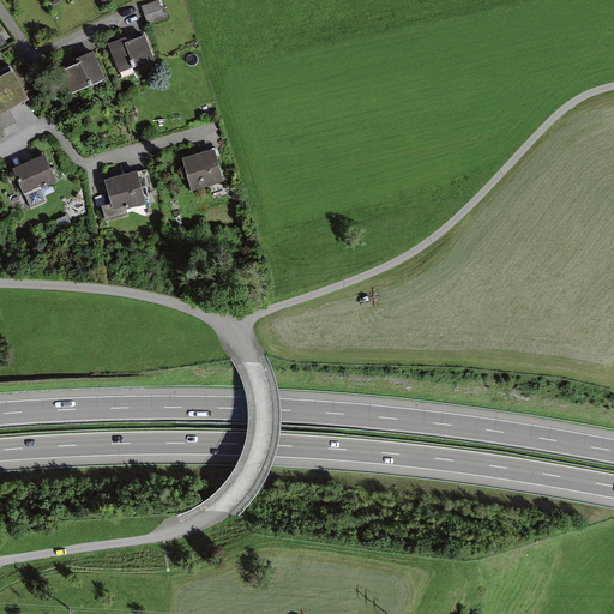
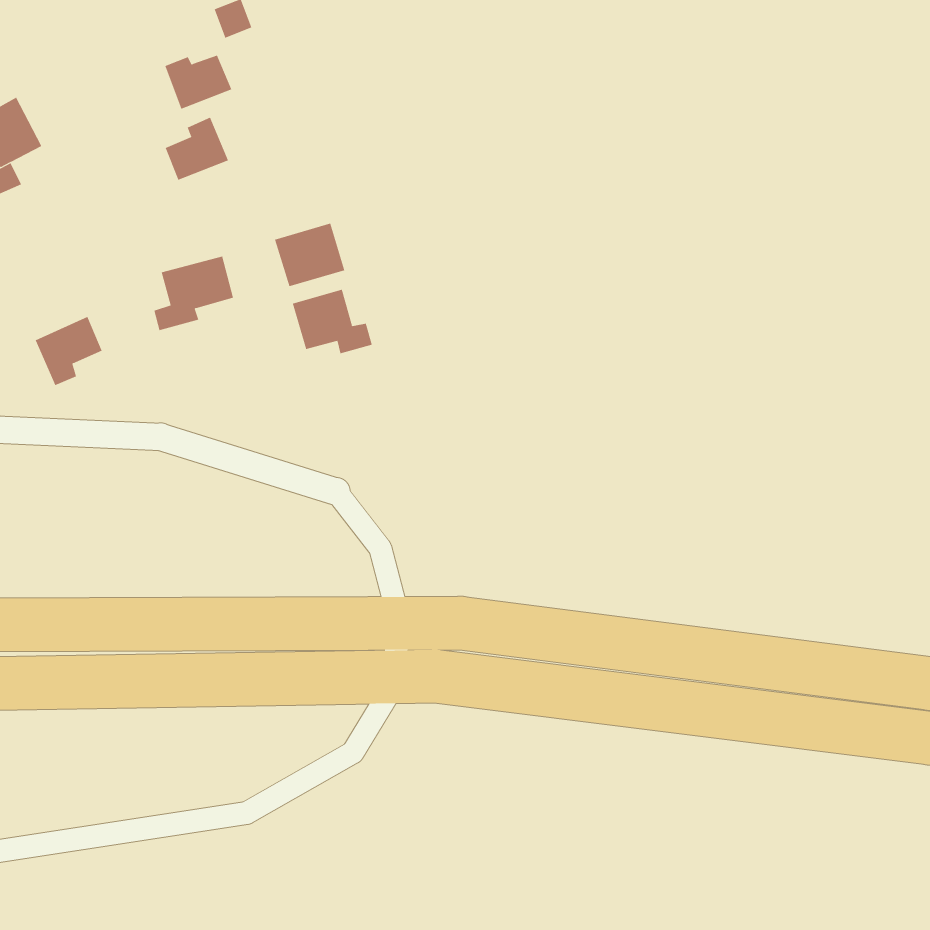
building: [60,49,102,91] -> [165,117,229,181]
building: [11,155,55,200] -> [35,316,102,386]
building: none -> [292,289,372,354]

